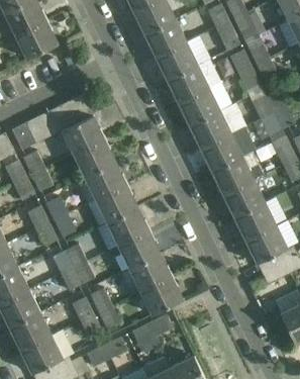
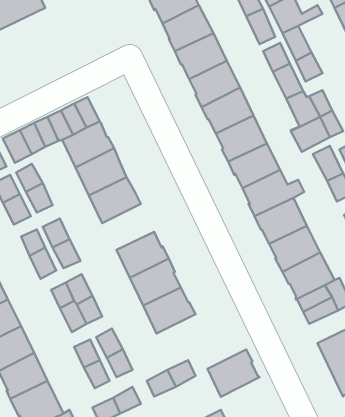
building: [15,19,58,59] -> none
building: [94,183,137,221] -> none
building: [139,275,183,314] -> [208,349,260,397]

